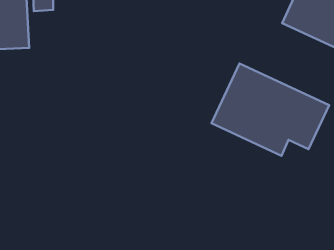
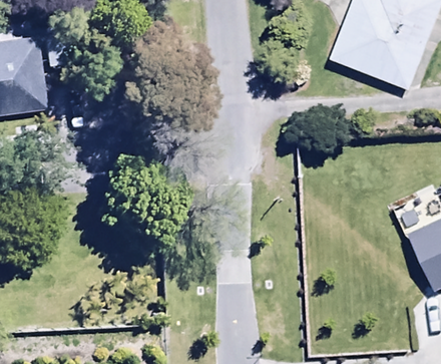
building: [212,64,329,156] -> none

